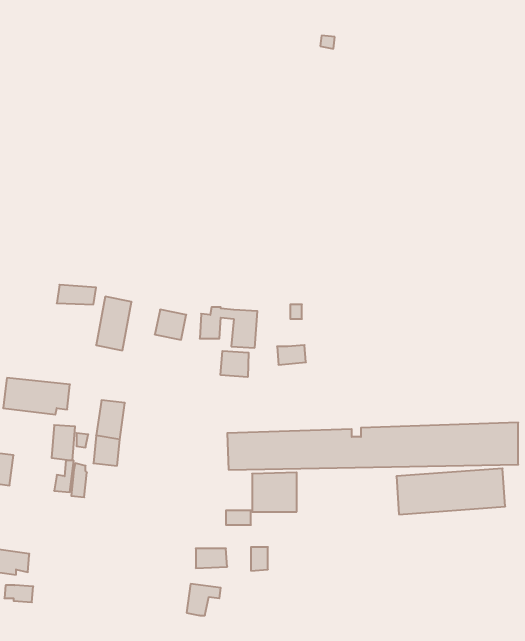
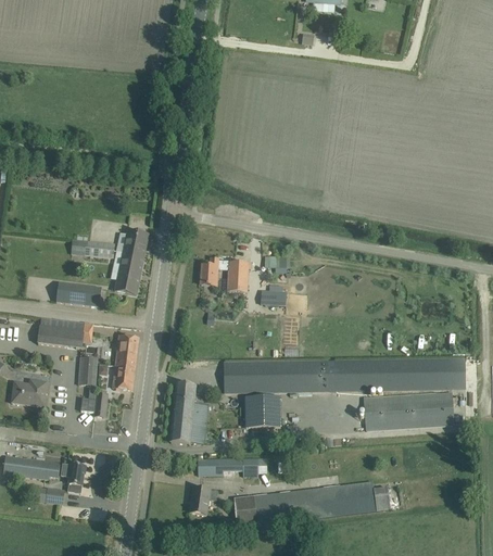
building: [155,310,186,340] -> [122,229,148,254]
building: none -> [55,282,101,306]
building: [221,351,249,377] -> none
building: none -> [169,382,206,444]
building: none -> [62,464,85,493]
building: none -> [232,481,389,527]

